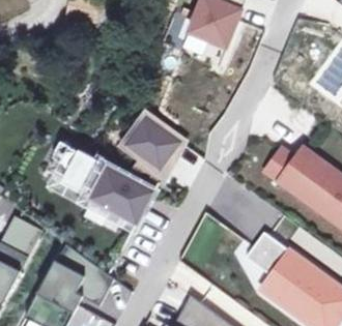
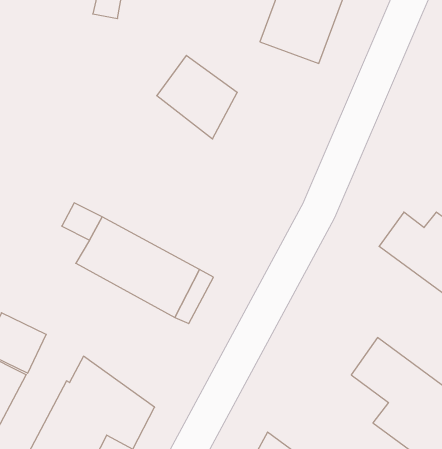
building: [126,116,180,172] -> [157,55,237,139]

